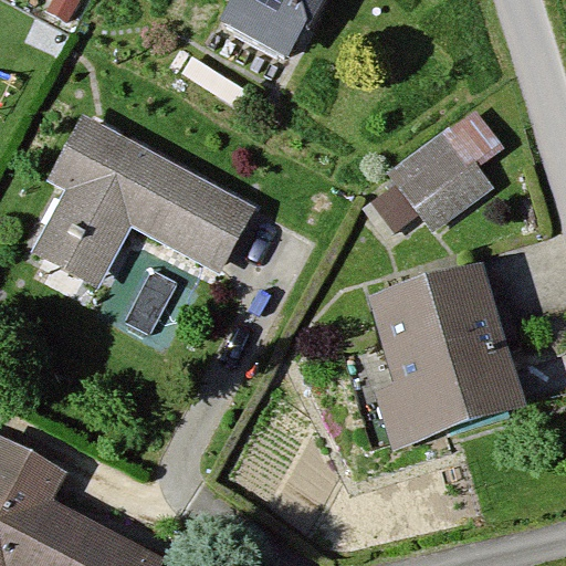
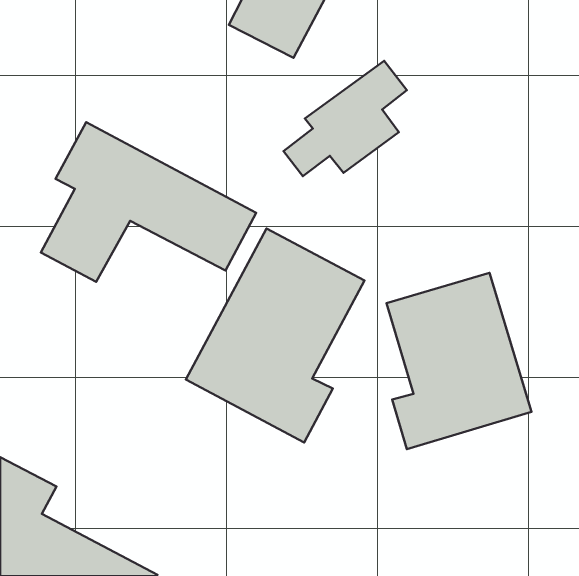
building: [376,116,496,229] -> [283,61,407,176]
building: none -> [186,229,365,443]

